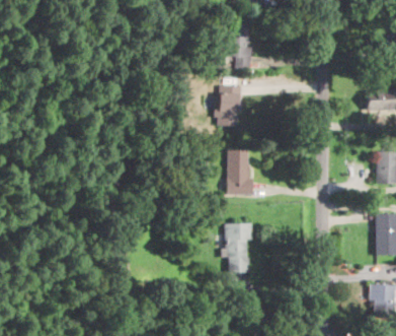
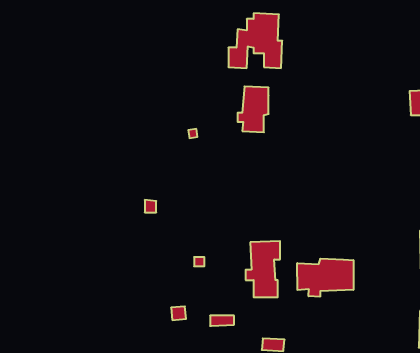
building: [227,150,252,195] -> none
building: none -> [297,259,353,297]

